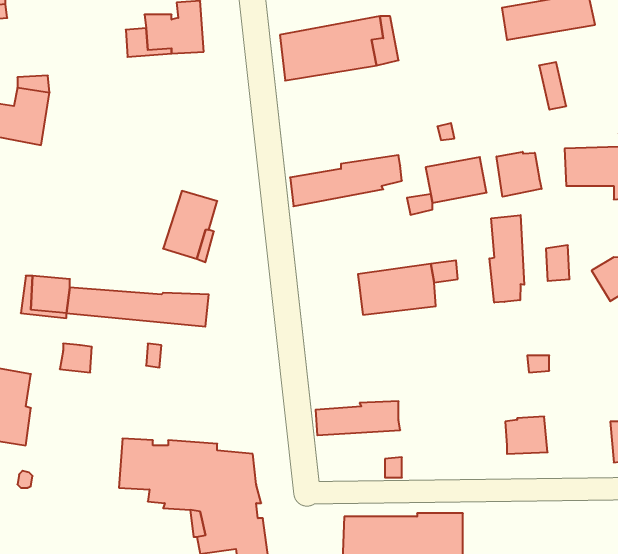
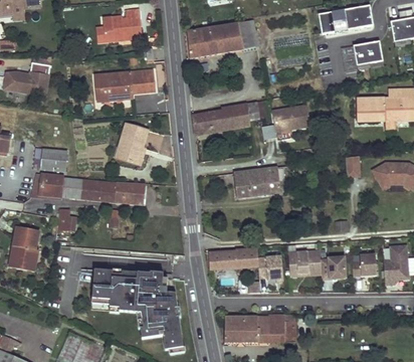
building: none -> [354,40,383,64]
building: none -> [94,68,157,101]
building: [497,152,542,197] -> none
building: [489,215,524,303] -> none
building: none -> [41,149,66,171]
building: none -> [288,250,322,276]
building: none -> [352,252,377,276]
building: none -> [257,256,282,280]

